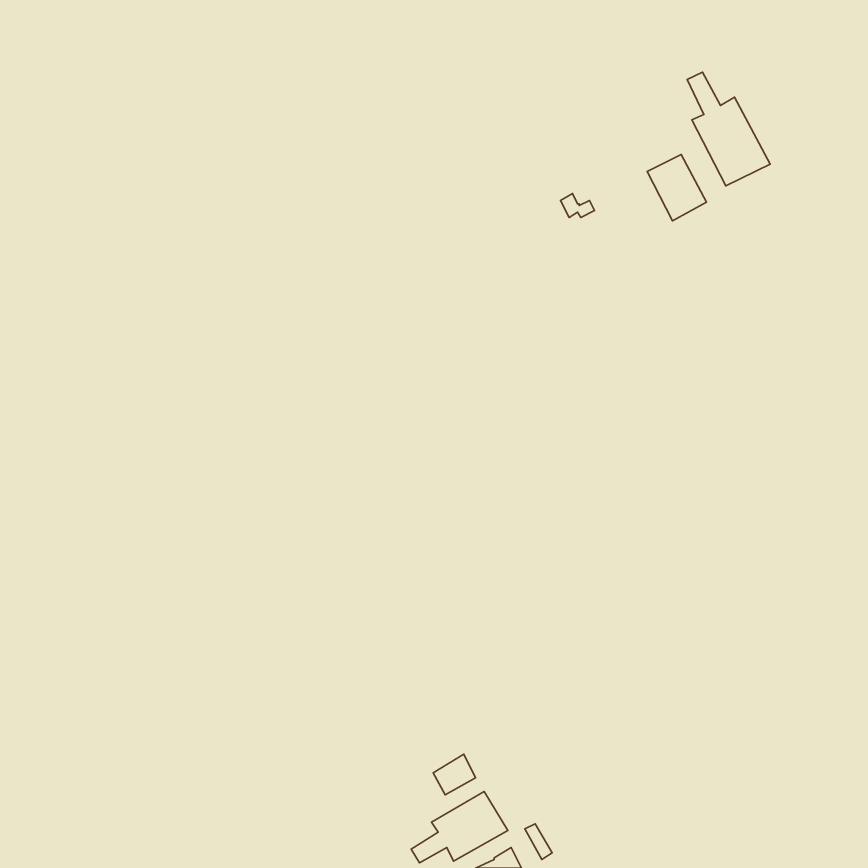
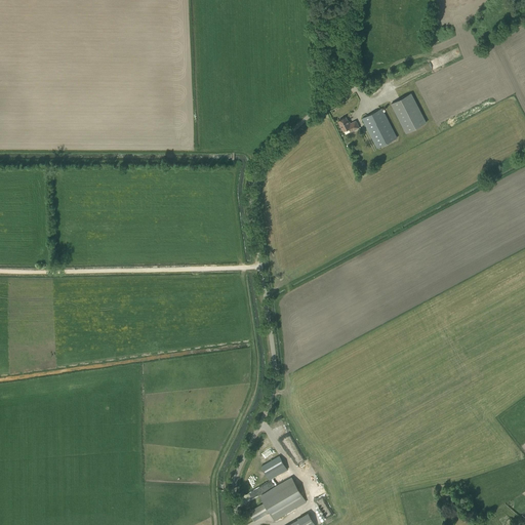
building: [687,72,770,186] -> none
building: none -> [362,109,397,148]

